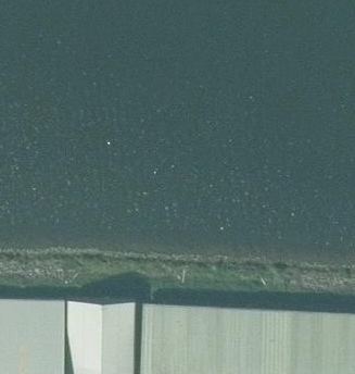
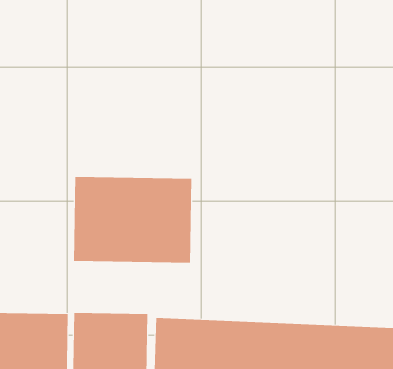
building: none -> [73,176,192,264]

